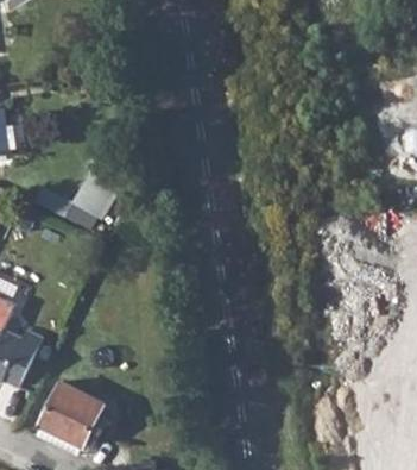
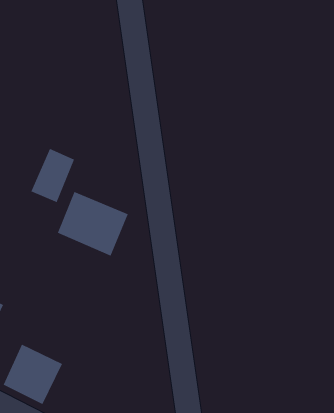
building: none -> [57,191,129,256]

